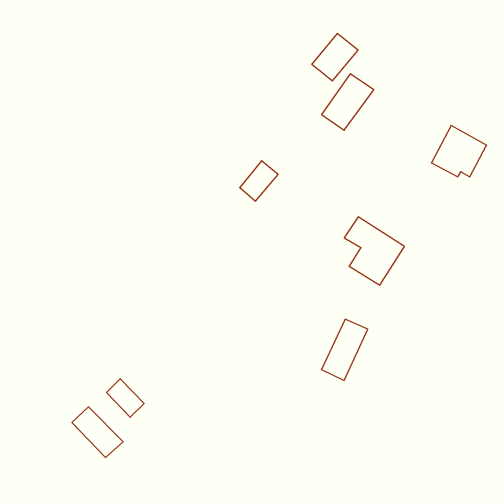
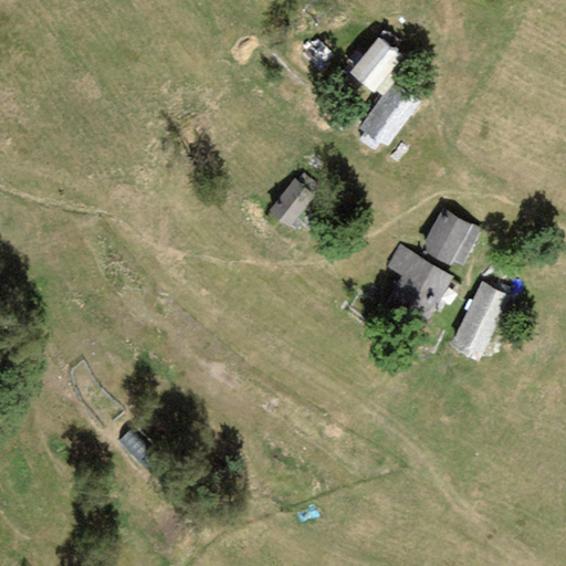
building: [431,125,487,177] -> [420,207,482,264]
building: [321,319,368,380] -> [454,282,506,350]
building: [72,407,123,458] -> none

